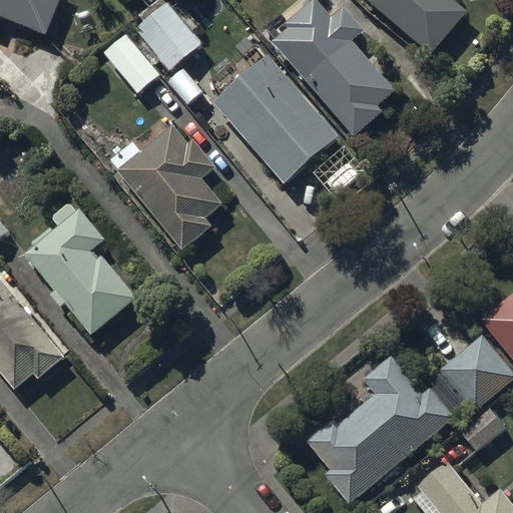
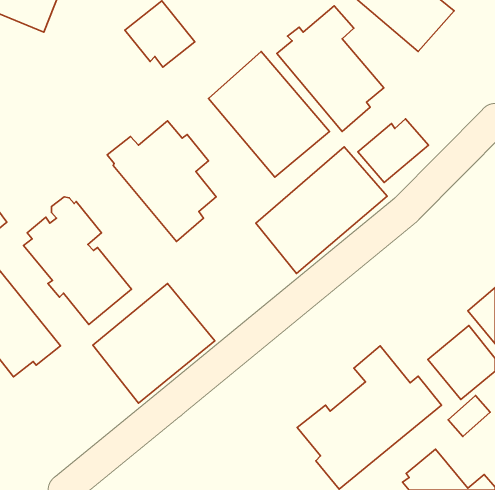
building: [106,37,159,90] -> none
building: none -> [358,119,429,182]
building: none -> [256,147,387,273]
building: none -> [93,283,215,403]

